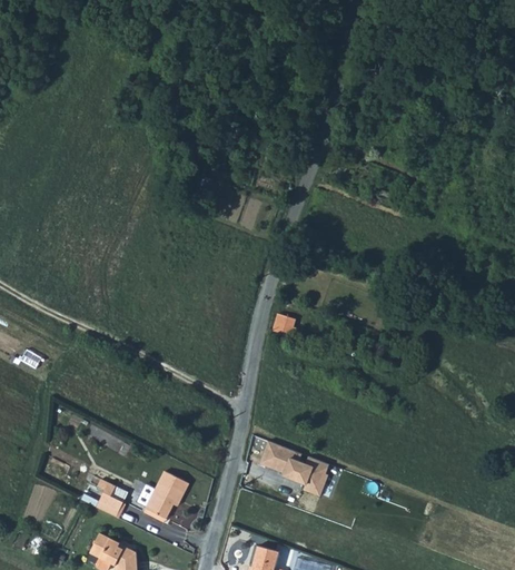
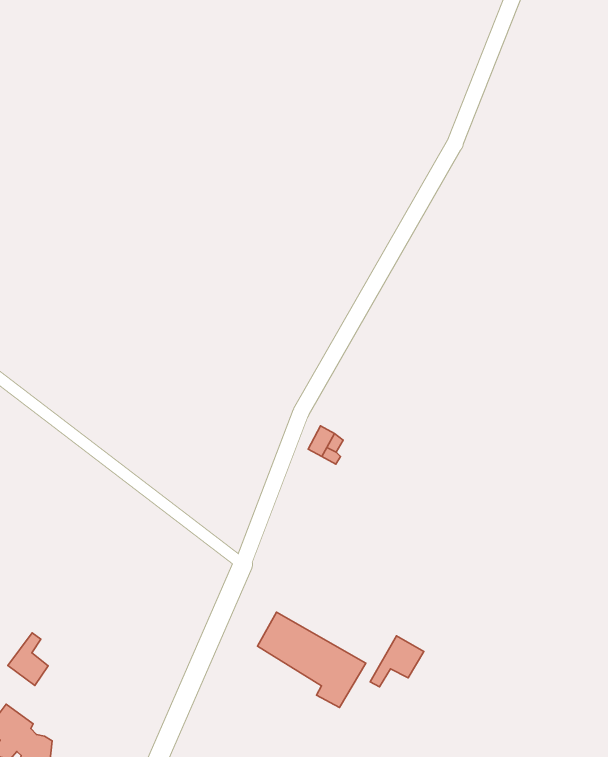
building: none -> [370,636,424,687]
building: [146,471,188,519] -> none

